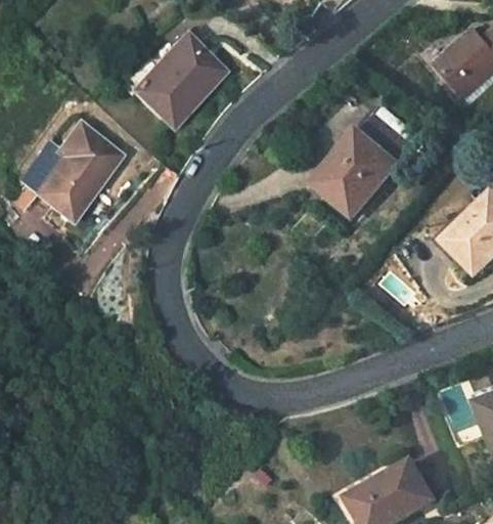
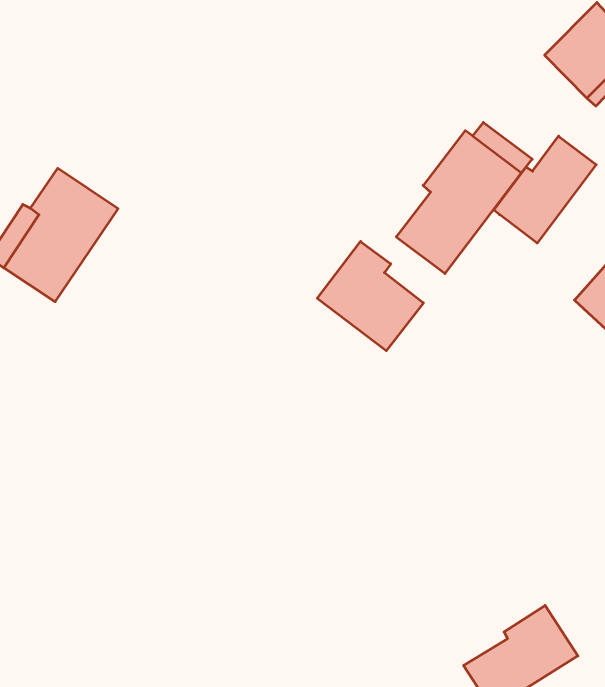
building: [123,35,224,128] -> none
building: none -> [494,136,596,243]
building: none -> [317,241,423,351]

